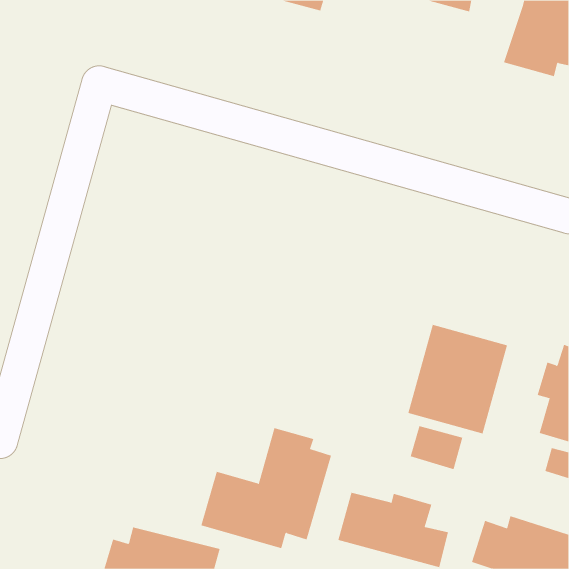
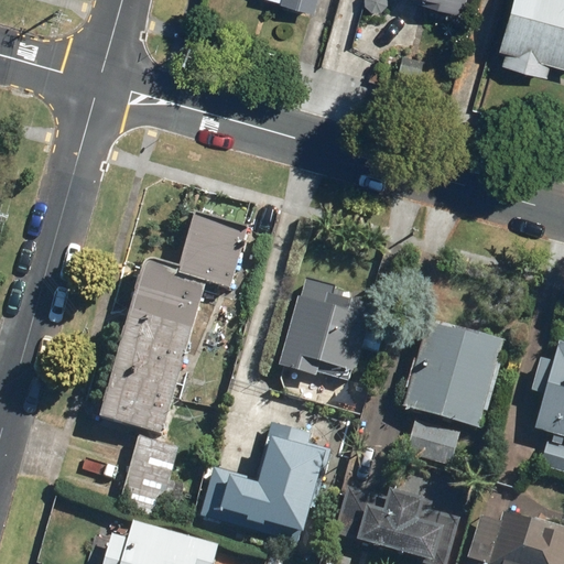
building: none -> [99,213,247,434]
building: none -> [278,278,372,377]
building: none -> [119,435,177,518]

